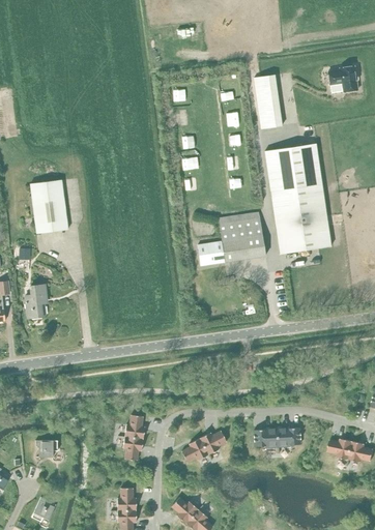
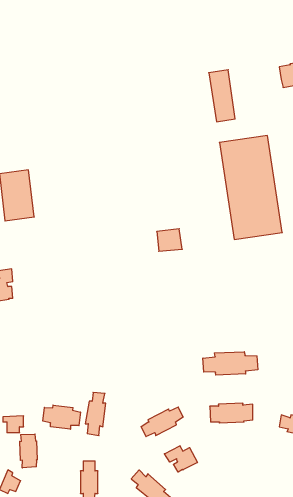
building: [219,212,268,264] -> none
building: none -> [203,352,258,375]
building: none -> [43,405,80,429]
building: none -> [20,434,37,468]
building: none -> [164,446,197,472]

